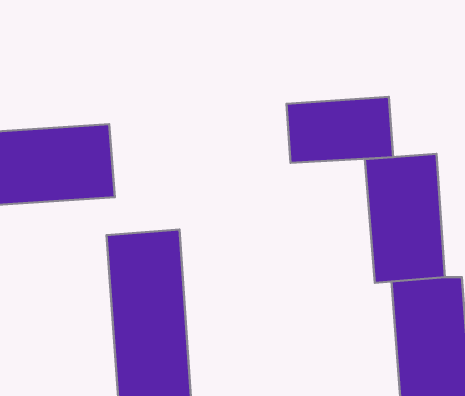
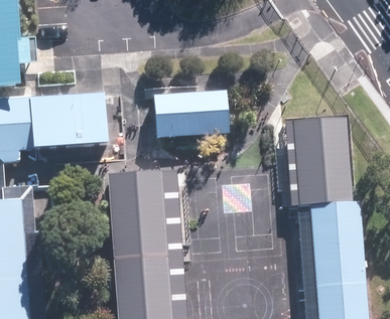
building: [286,97,393,163] -> [155,91,232,138]

